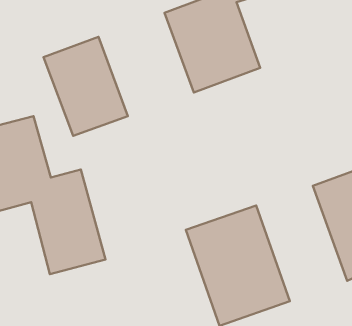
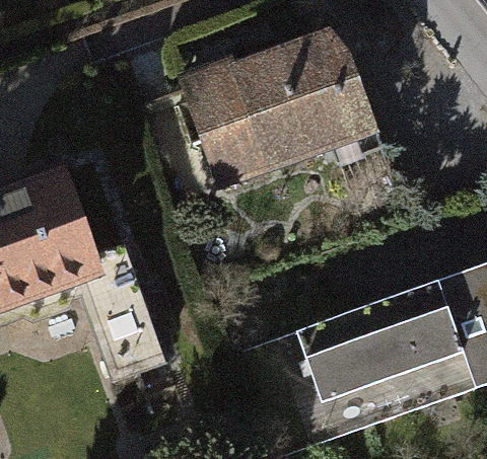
building: [44,37,128,136] -> [182,59,286,181]
building: none -> [363,273,476,415]

